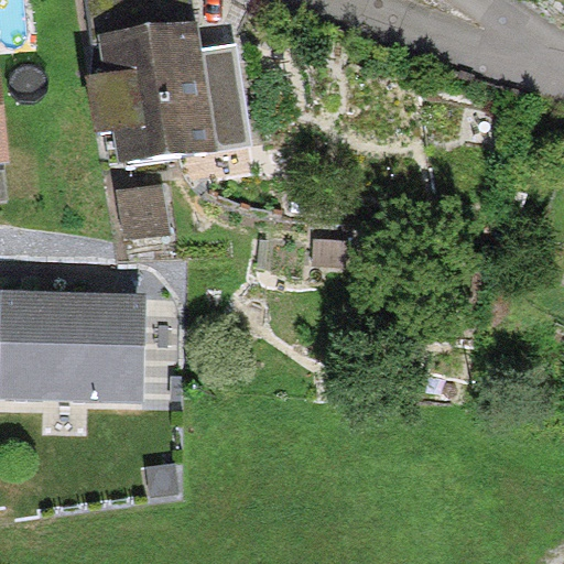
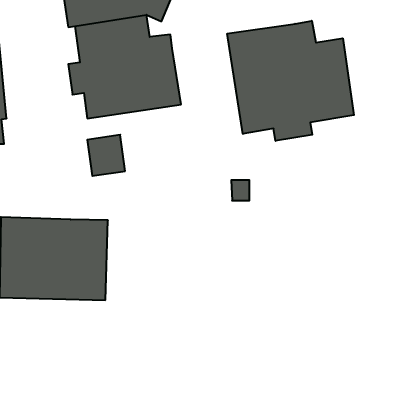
building: none -> [227,21,354,141]

